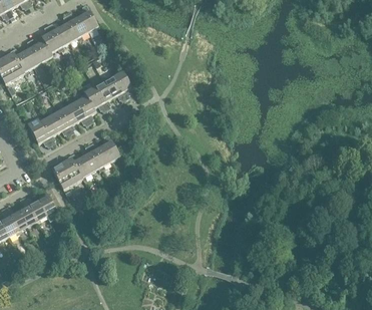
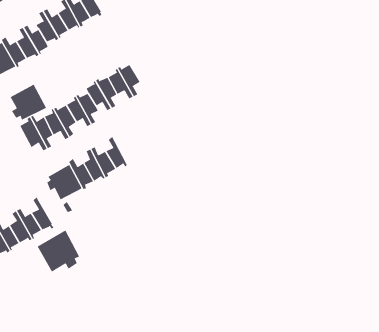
building: none -> [10,84,47,121]
building: none -> [37,229,80,272]

